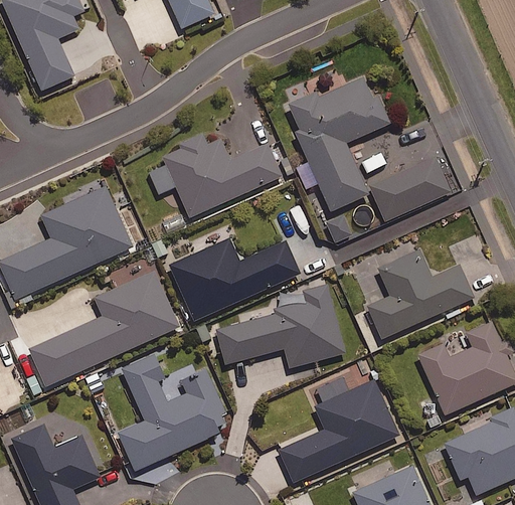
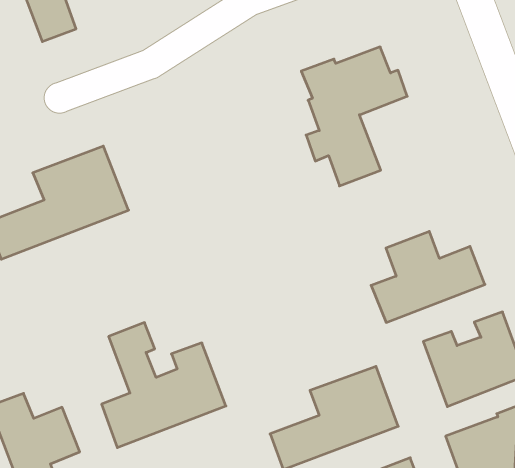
building: [163,134,282,216] -> none
building: [369,154,457,220] -> none
building: [168,237,300,320] -> none
building: [29,270,180,386] -> none
building: [215,281,346,368] -> none

